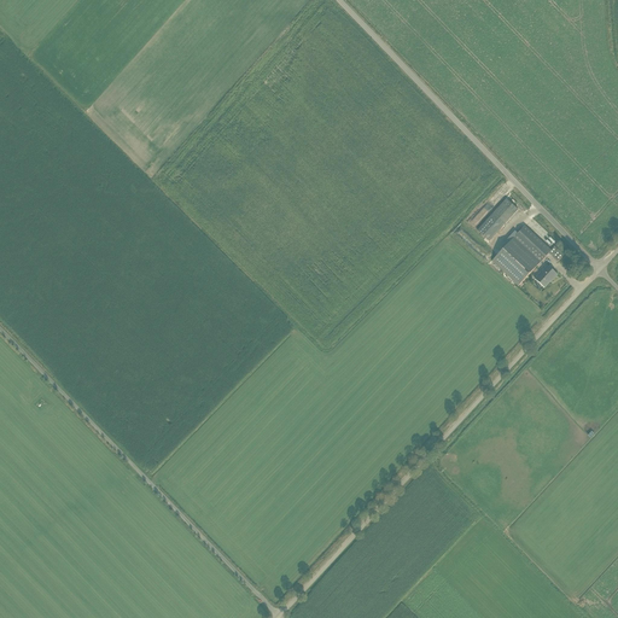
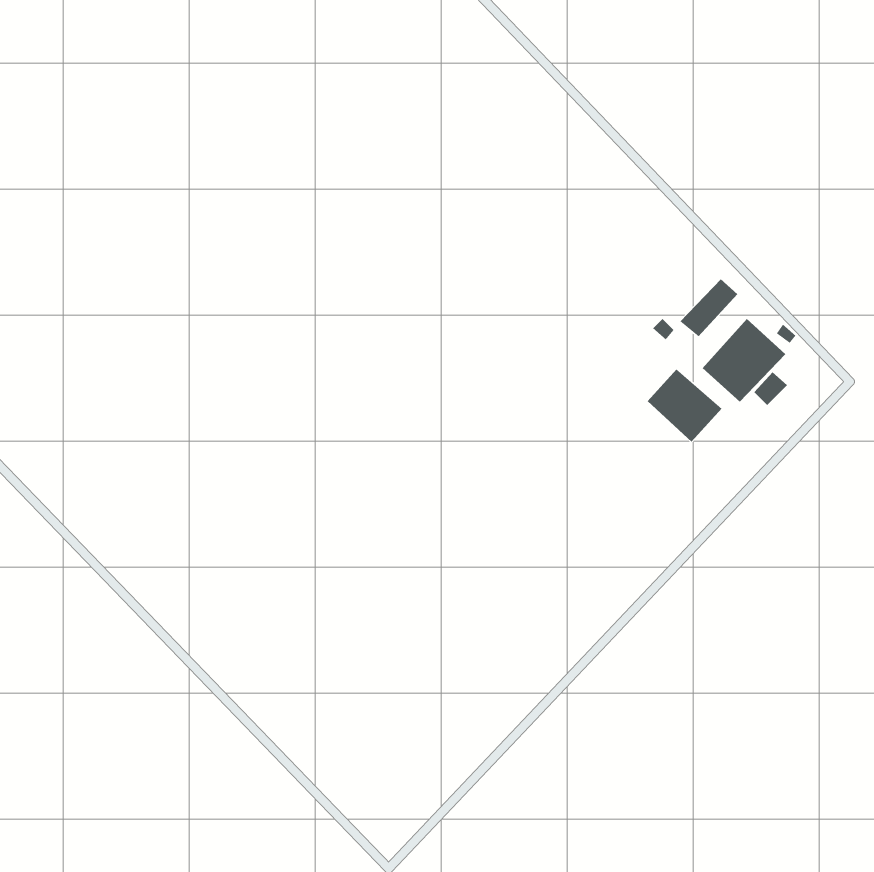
building: none -> [647,369,723,443]

